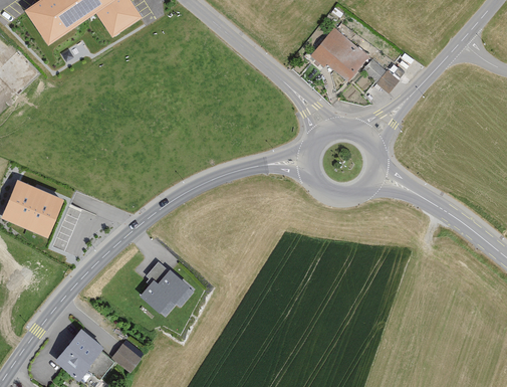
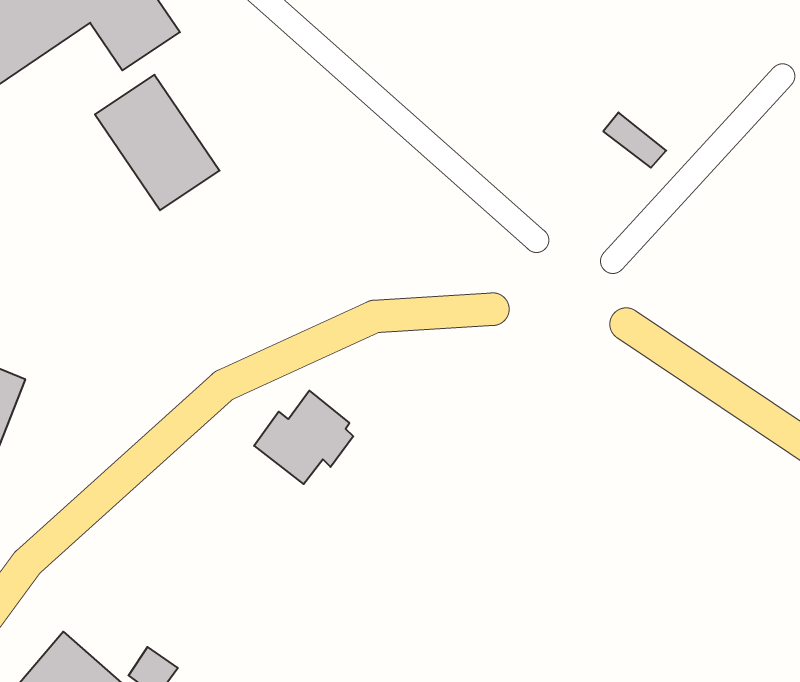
building: [316,32,364,78] -> none
building: none -> [95,75,220,210]
building: [139,265,191,315] -> [254,391,353,484]

